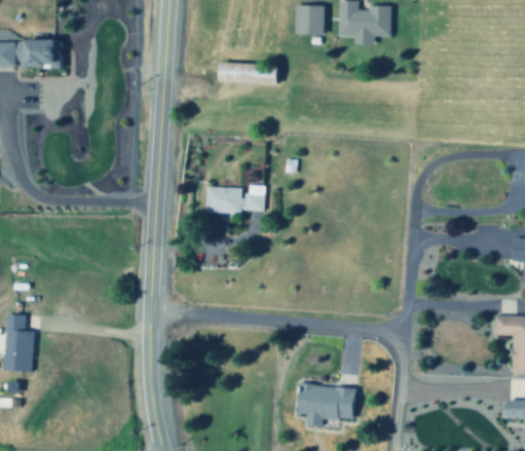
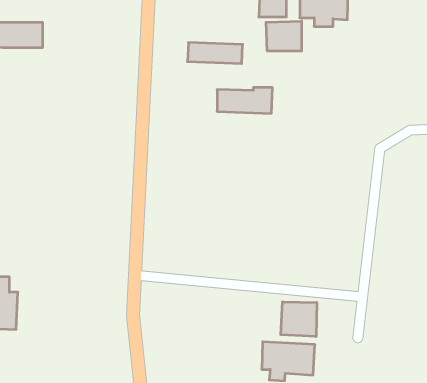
building: none -> [266,21,302,51]
building: [208,185,267,213] -> [217,88,272,113]
building: none -> [281,302,317,337]

